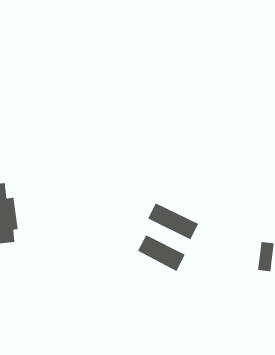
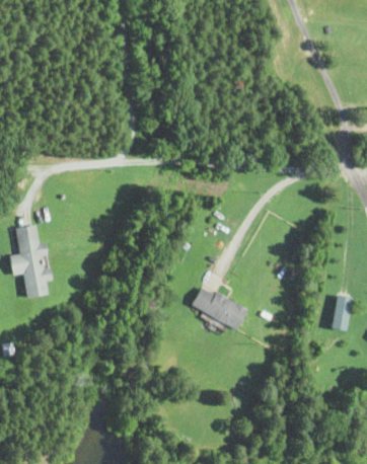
building: [148,202,199,240] -> none

